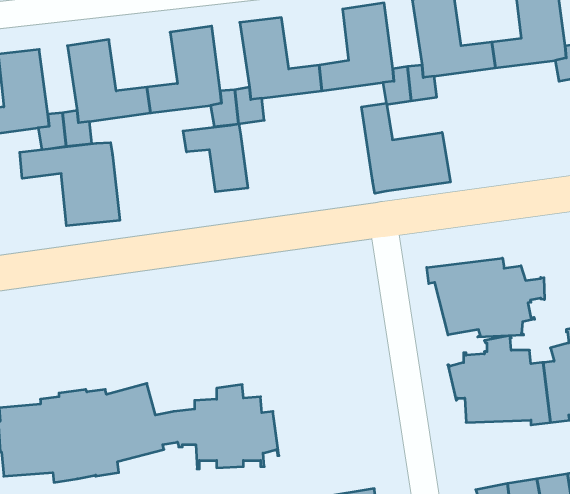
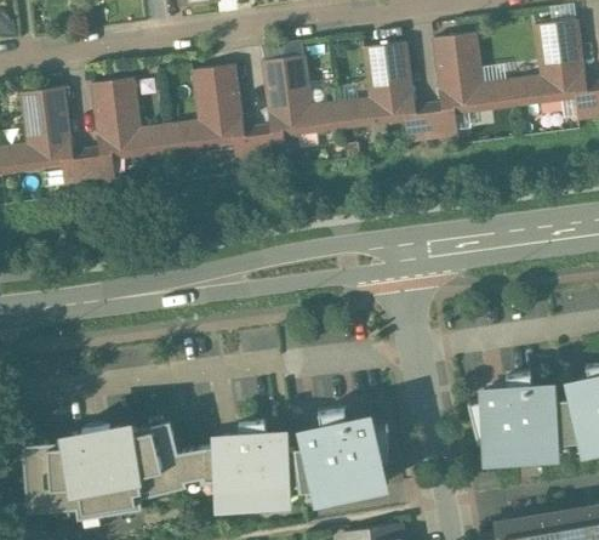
building: [362,103,450,193] -> none
building: [183,124,248,192] -> none
building: [20,143,120,226] -> none
building: [427,258,544,337] -> none
building: none -> [296,409,389,506]

